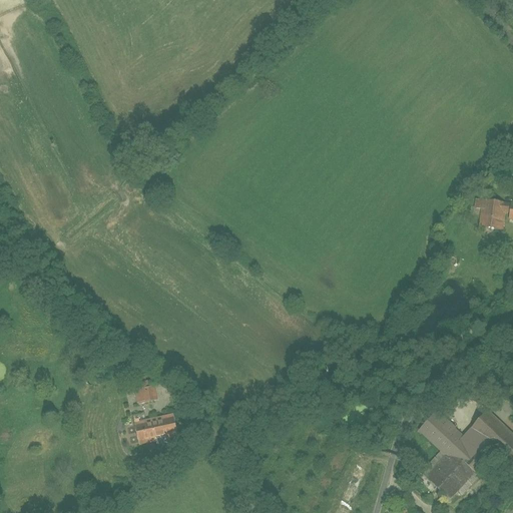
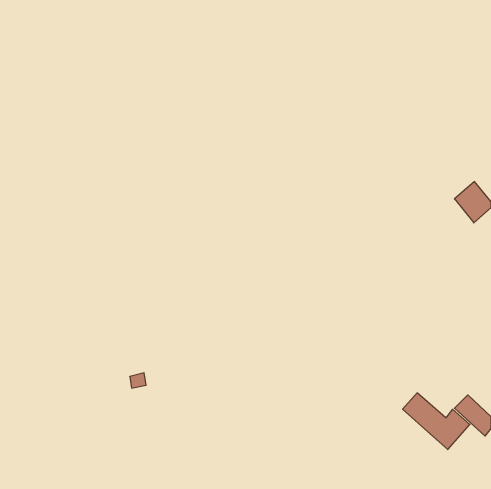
building: [136,414,176,445] -> none
building: [425,453,470,499] -> none

